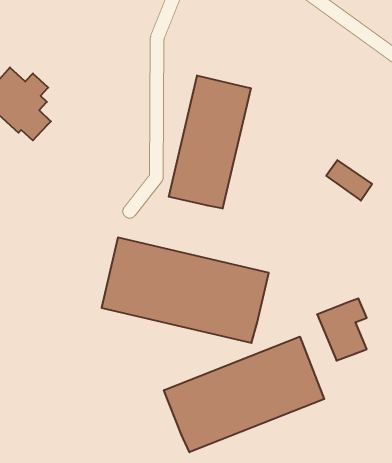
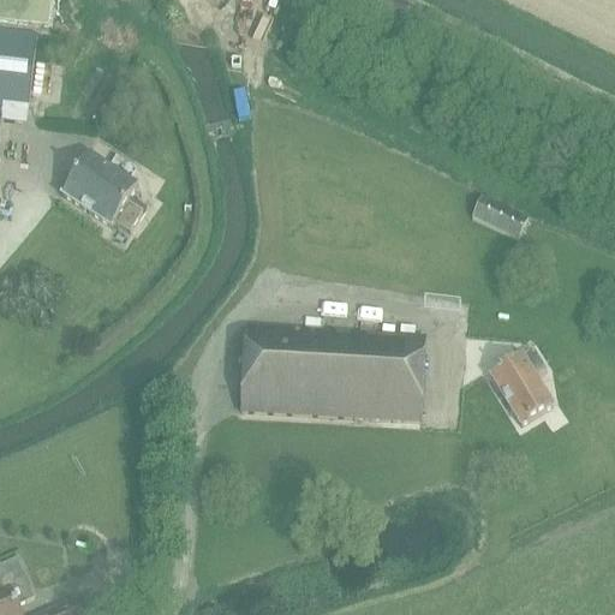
building: [169,75,251,209] -> none
building: [164,337,324,452] -> none

